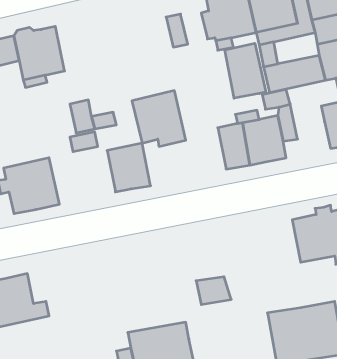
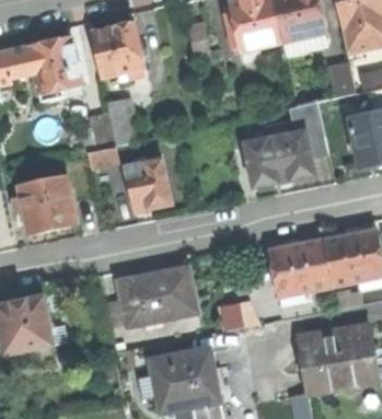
building: [225,43,266,98] -> none
building: [132,91,186,146] -> [89,21,146,80]
building: none -> [269,238,331,304]
building: none -> [117,266,196,326]

